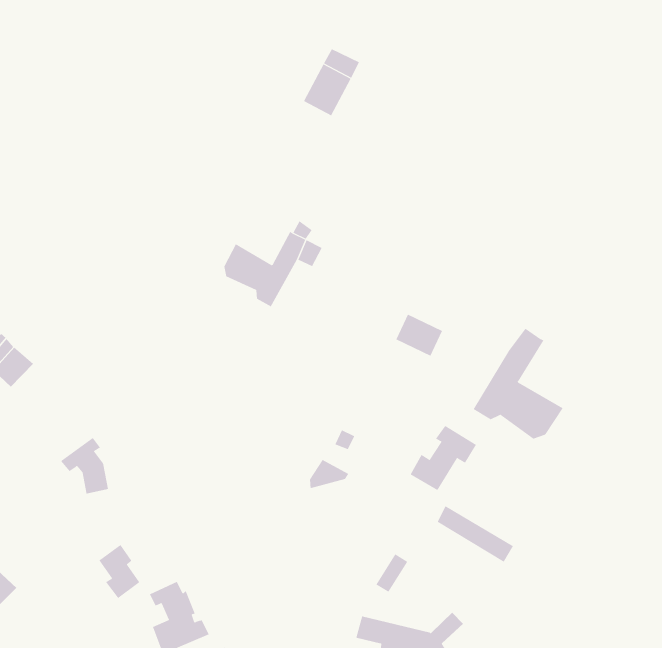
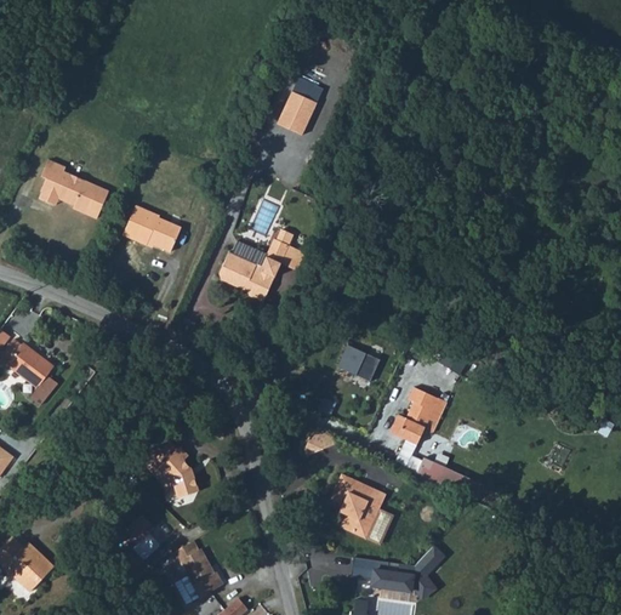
building: none -> [30,156,98,213]
building: none -> [115,204,172,249]
building: [396,314,443,356] -> [343,348,383,383]
building: [473,328,563,439] -> none
building: [60,437,109,494] -> [159,446,203,496]
building: none -> [326,473,383,537]

